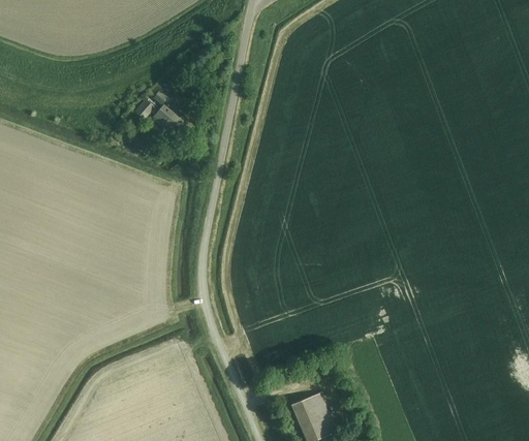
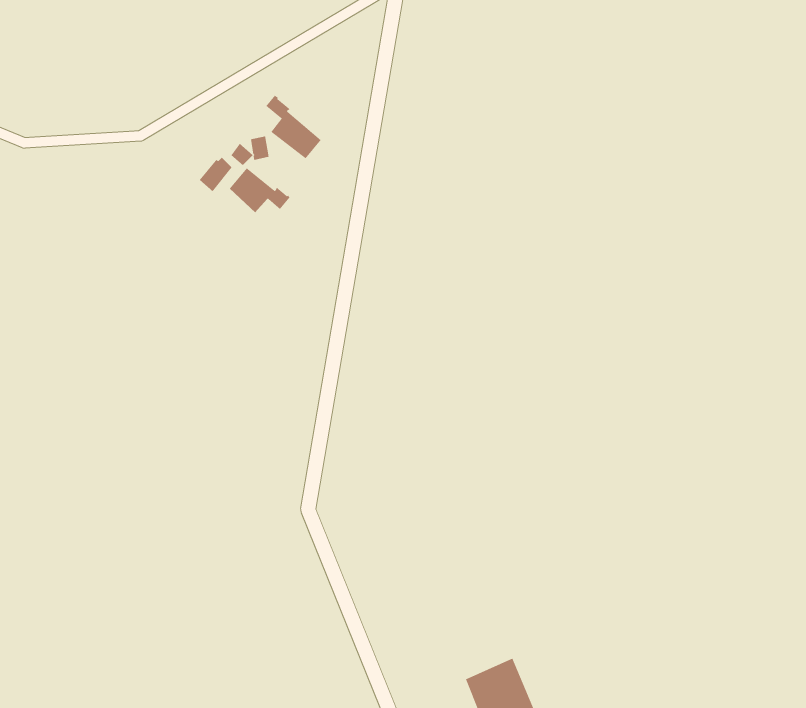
building: none -> [266,95,321,159]

